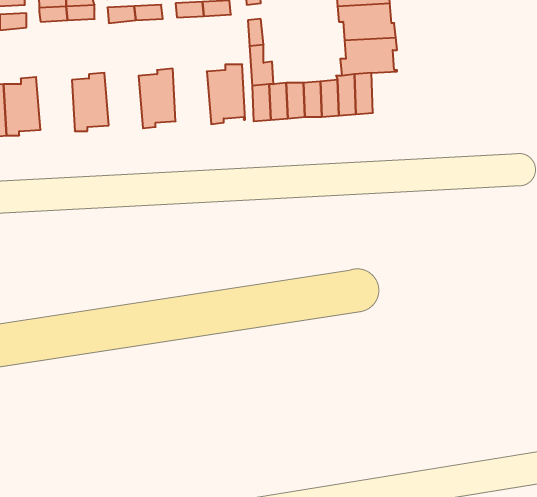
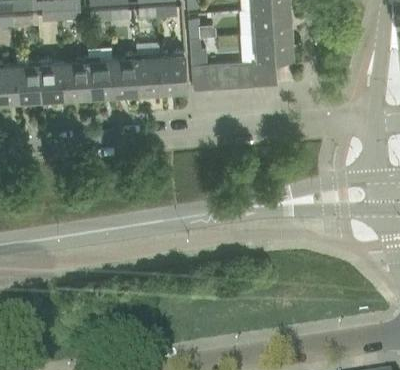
building: none -> [136,51,163,91]
building: none -> [88,54,115,94]
building: none -> [40,57,67,97]

